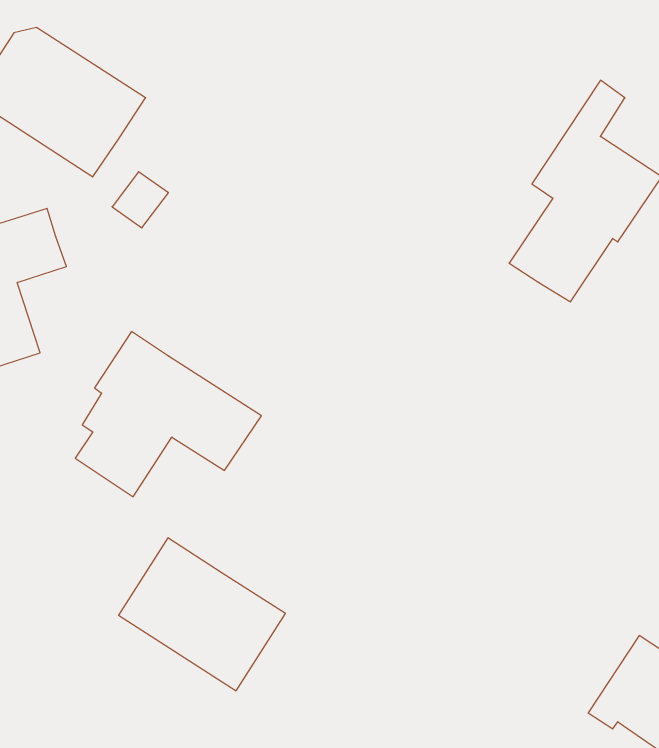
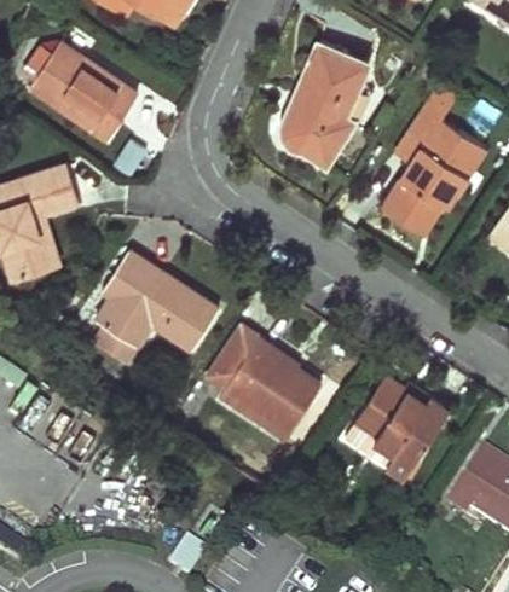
building: none -> [282,42,366,161]
building: none -> [352,379,444,480]
building: [119,538,285,691] -> [203,330,318,435]

